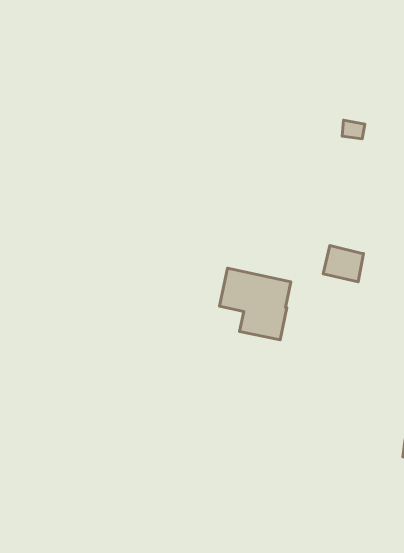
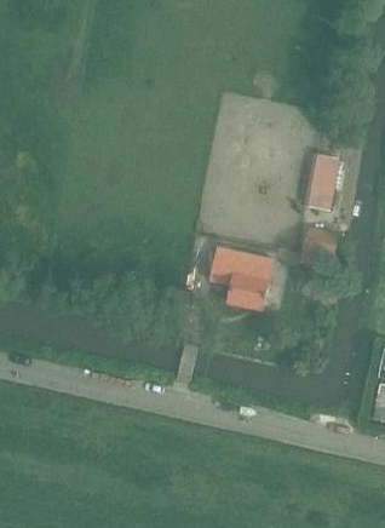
building: none -> [303,155,340,212]

